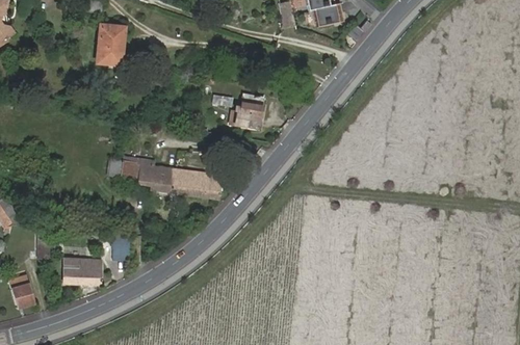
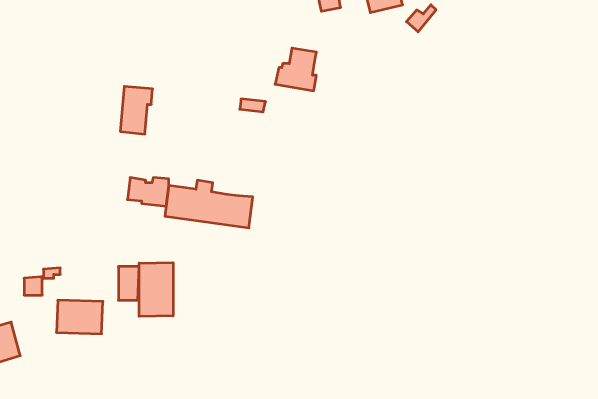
building: [94,25,120,63] -> [120,86,153,134]
building: [229,95,262,129] -> [275,48,316,91]
building: none -> [139,263,173,316]

